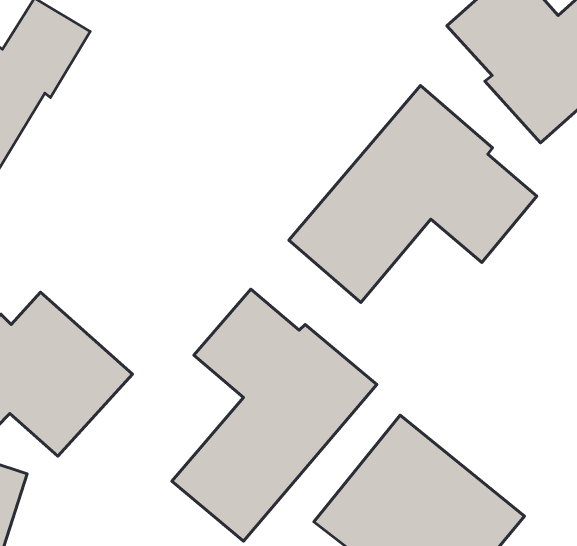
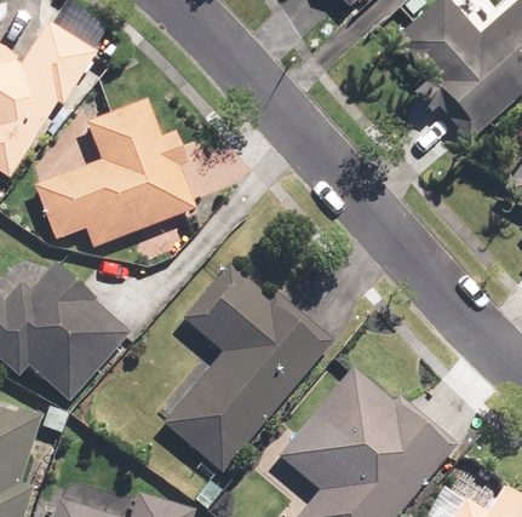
building: [289,85,537,303] -> none
building: none -> [34,98,195,247]

